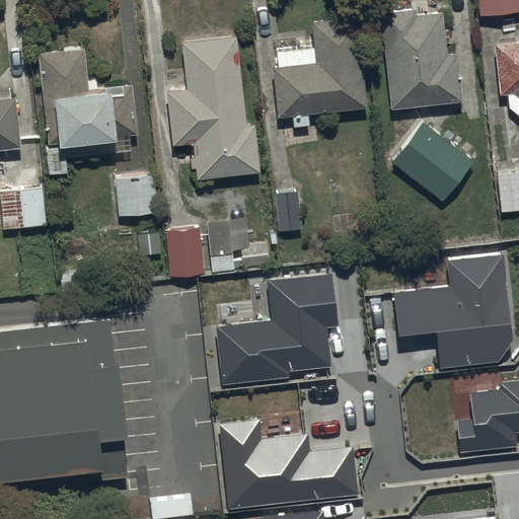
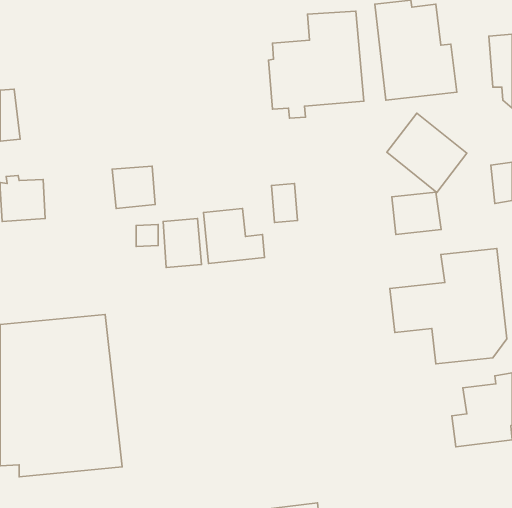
building: [165,32,260,175] -> none
building: [38,46,136,172] -> none
building: none -> [392,192,441,234]
building: [213,277,339,392] -> none
building: [219,423,359,514] -> none

